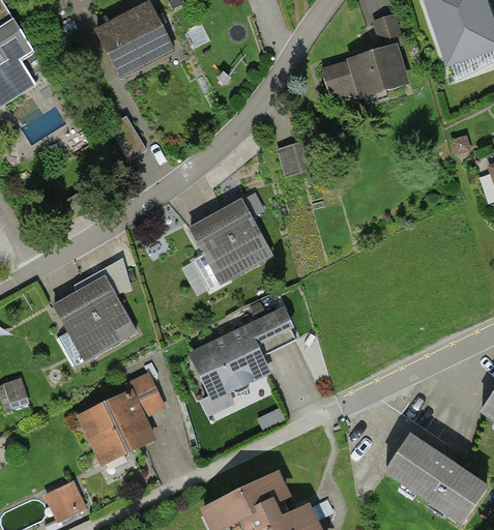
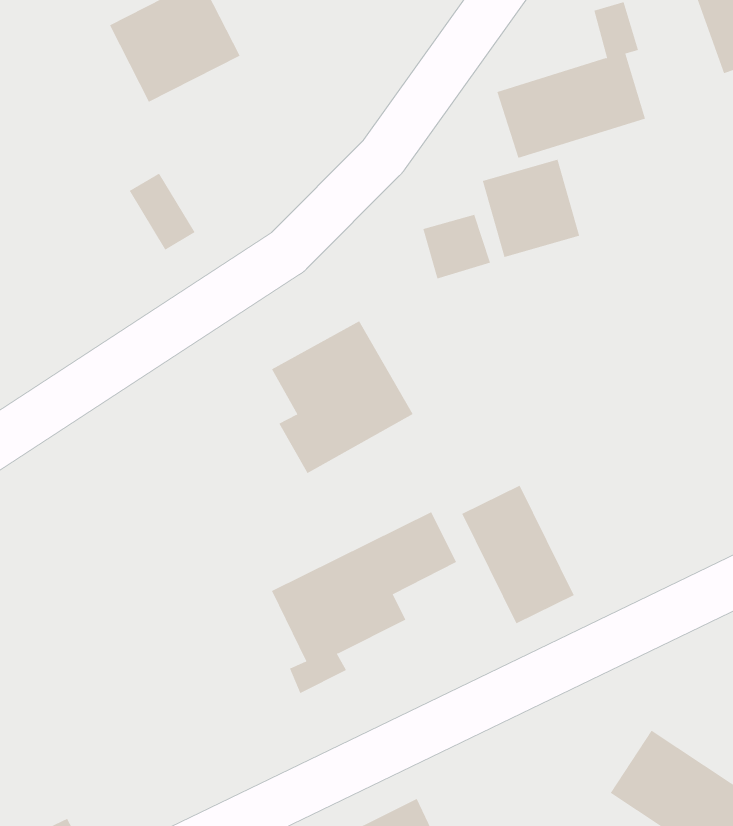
building: none -> [482,159,580,258]
building: [54,275,135,364] -> none
building: none -> [462,485,575,624]
building: [82,372,162,460] -> none

